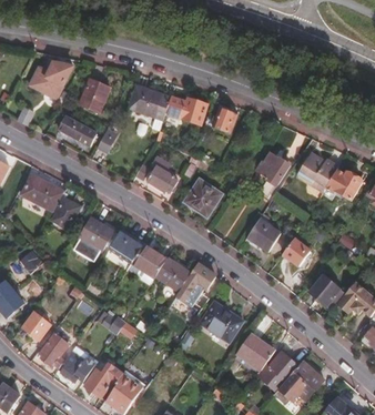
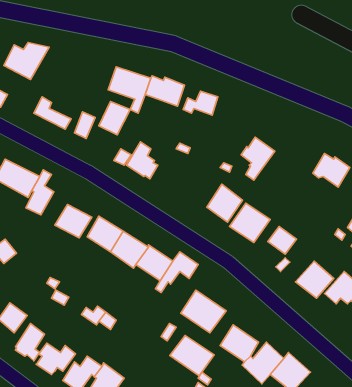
building: [79,80,109,112] -> [99,101,130,135]
building: [297,155,337,192] -> none
building: [184,180,219,216] -> [207,184,243,222]
building: none -> [170,336,214,376]

